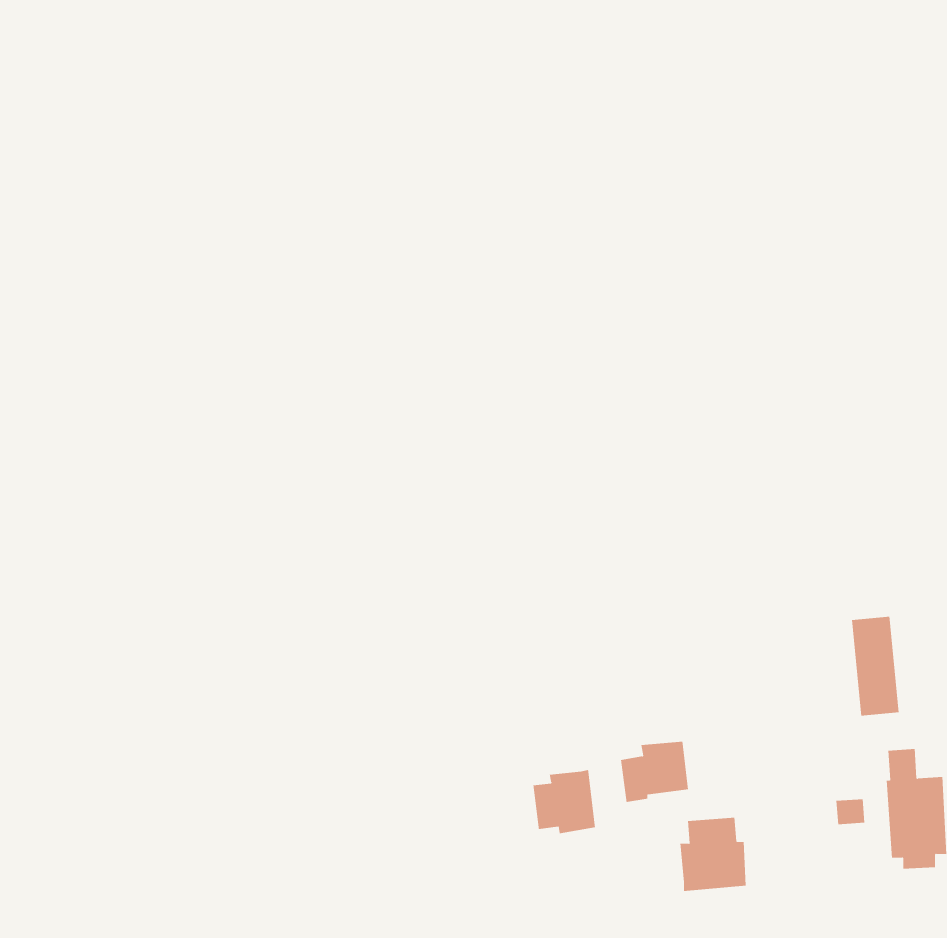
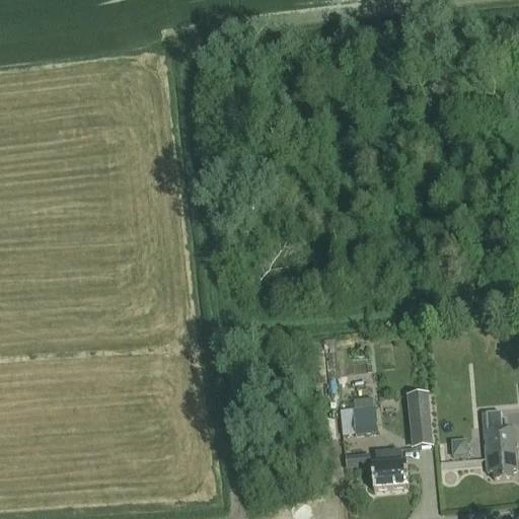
building: [851,616,900,716] -> [407,389,434,444]
building: [533,769,596,834] -> none

